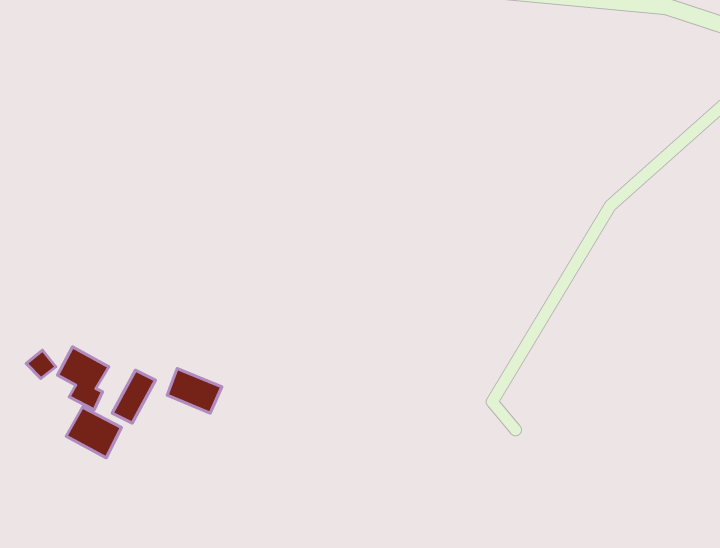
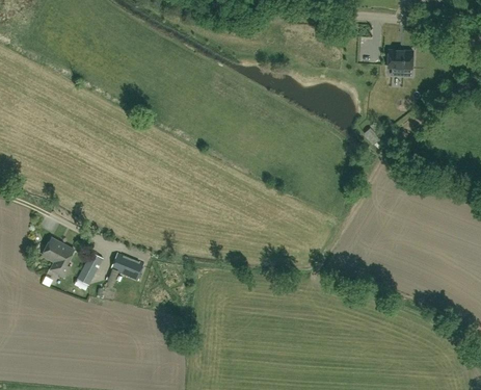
building: none -> [388,51,412,77]
building: [66,407,122,458] -> none

